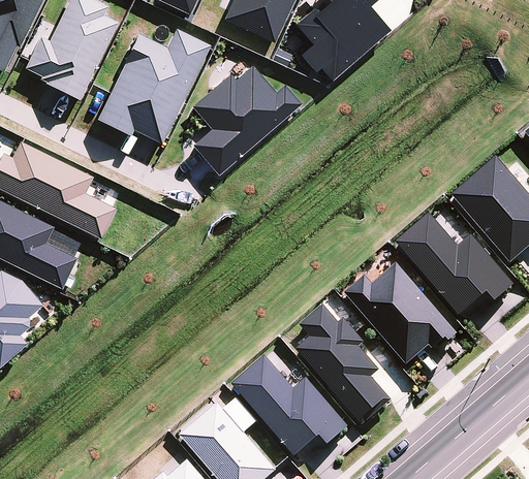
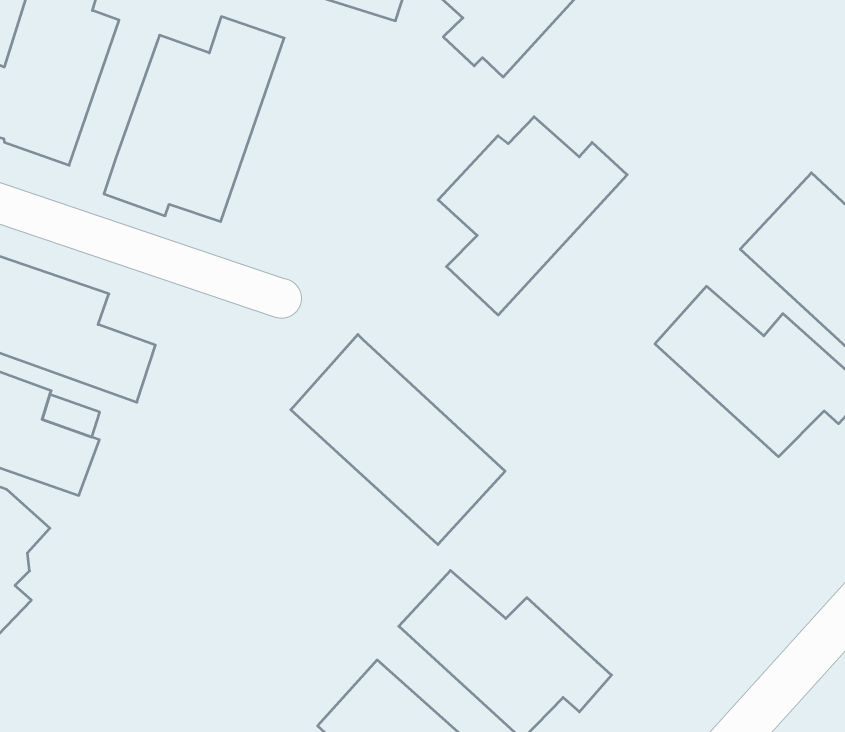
building: [191,66,300,175] -> [438,117,627,315]
building: none -> [291,334,505,545]
building: [344,263,458,365] -> none
building: [297,305,393,424] -> none

